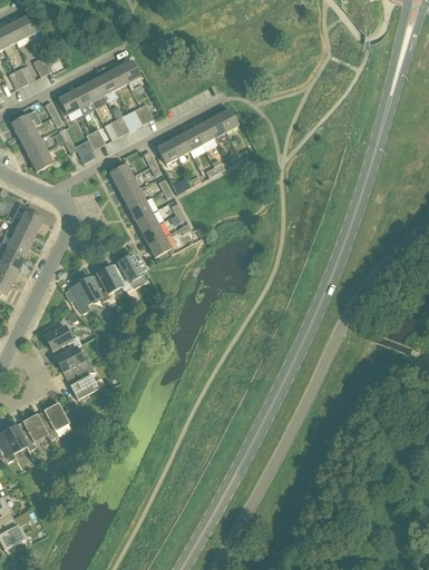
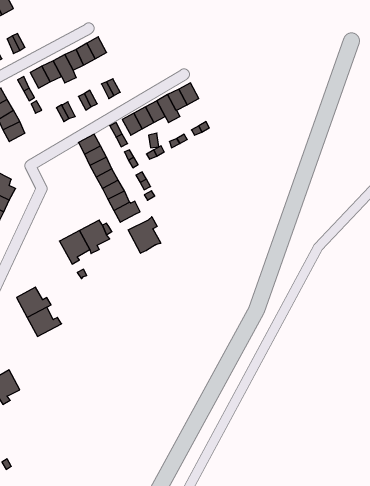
building: none -> [128,217,161,253]
building: [62,276,100,313] -> none
building: [66,364,97,399] -> none
building: [36,402,69,439] -> none

